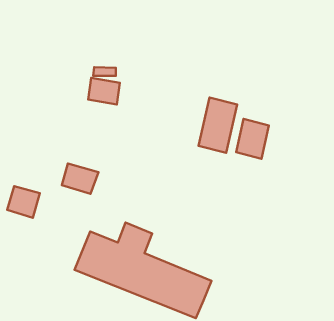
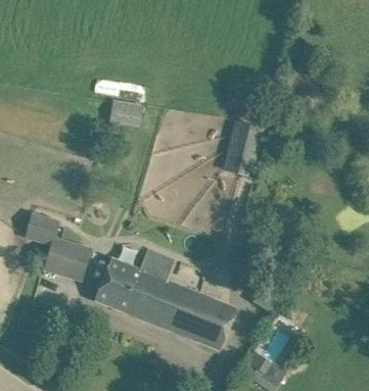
building: [236,119,269,159] -> none
building: [62,163,98,194] -> [50,244,88,276]

